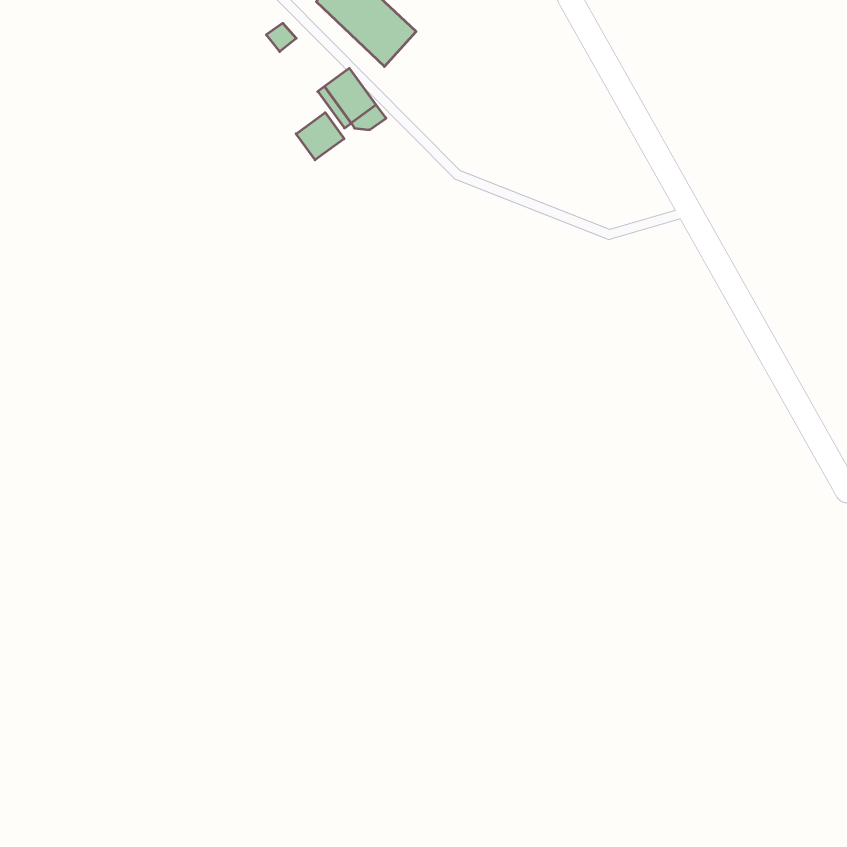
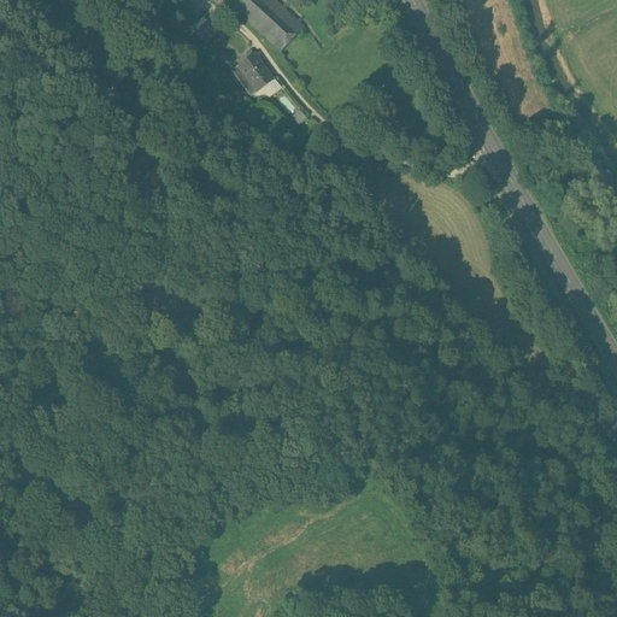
building: [296,113,344,160] -> none

